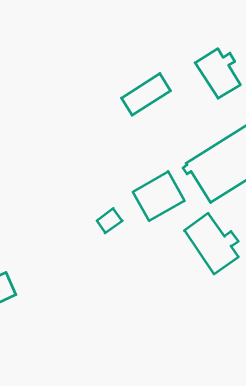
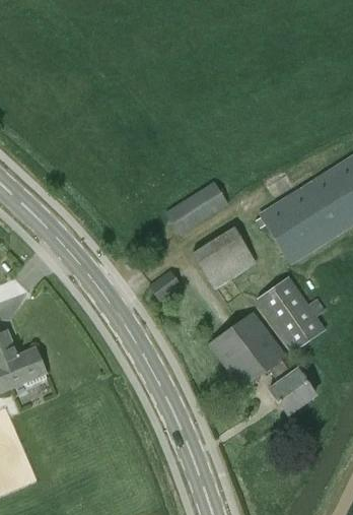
building: [195,49,240,98] -> none
building: [121,73,171,115] -> [165,182,226,234]
building: none -> [207,312,313,414]

